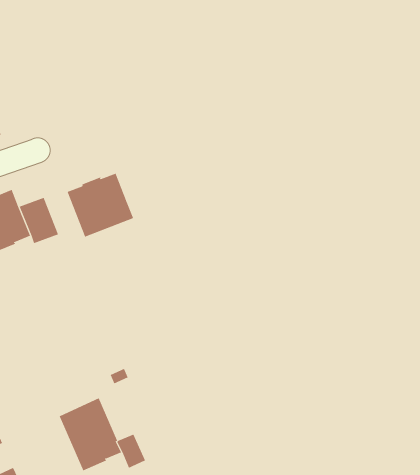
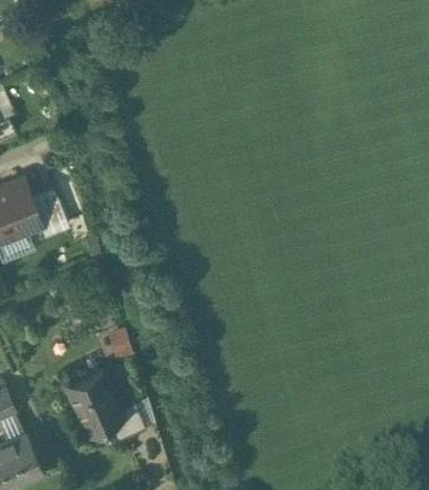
building: [67,173,134,237] -> none

